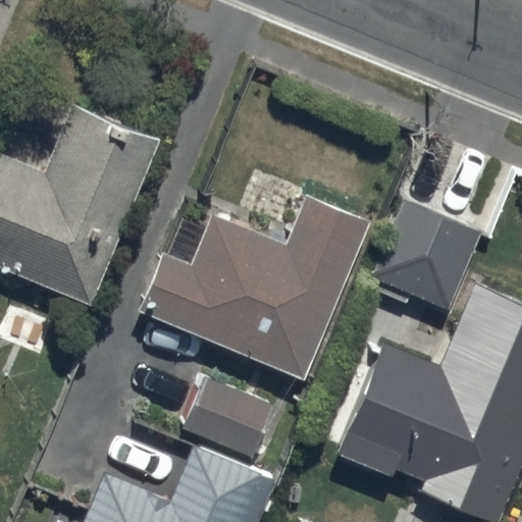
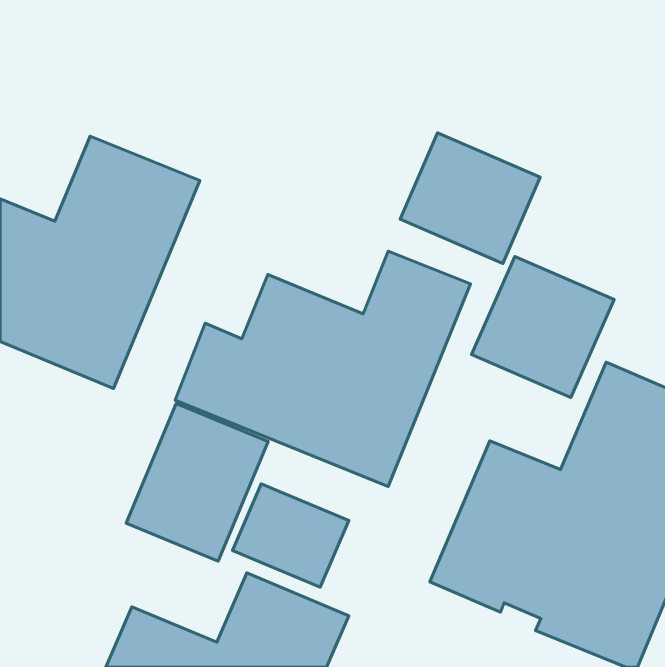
building: none -> [400,133,540,263]
building: none -> [126,404,268,561]

